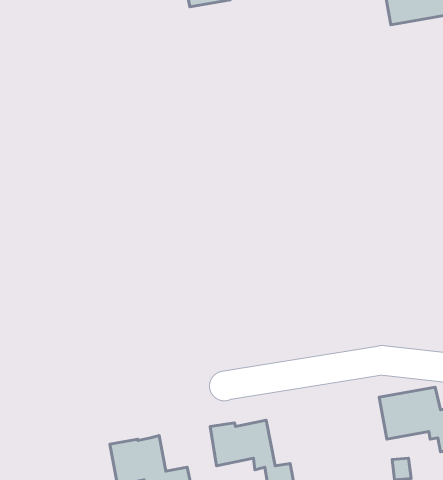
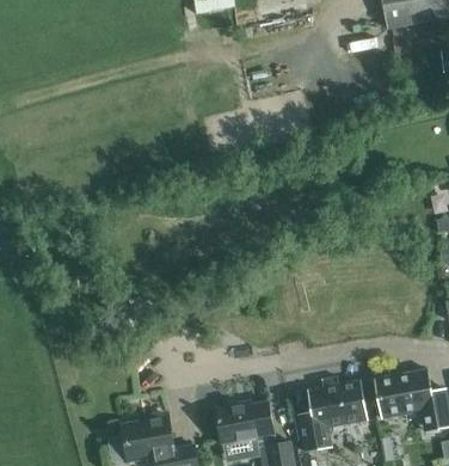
building: none -> [296,380,365,452]

